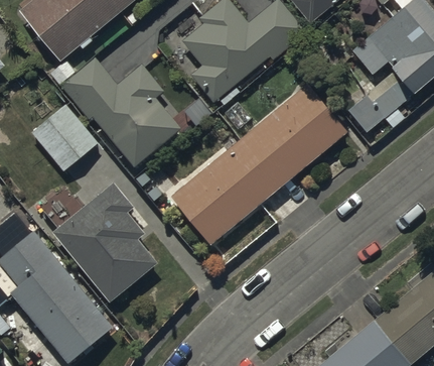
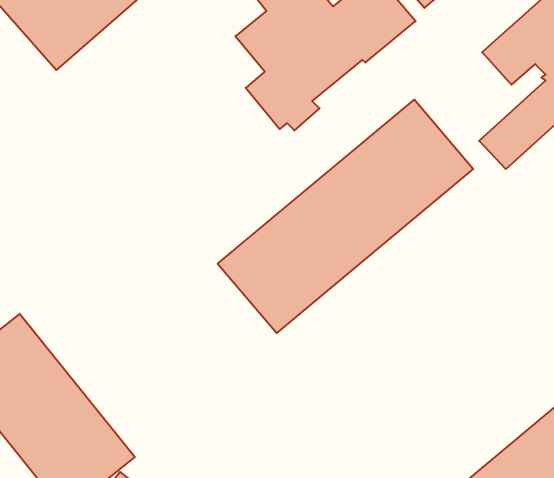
building: [60,57,181,169] -> none
building: [30,104,99,172] -> none
building: [52,184,158,306] -> none

